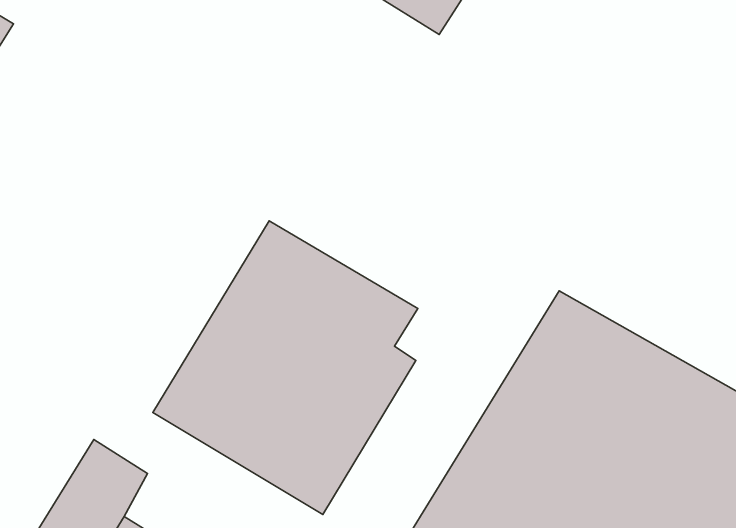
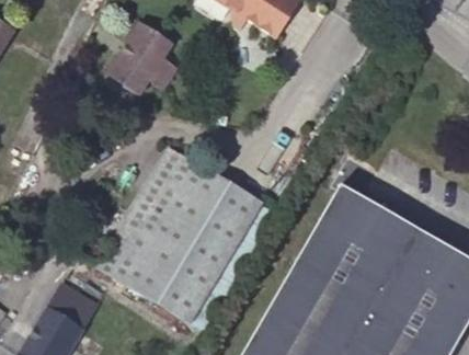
building: none -> [107,22,174,91]

